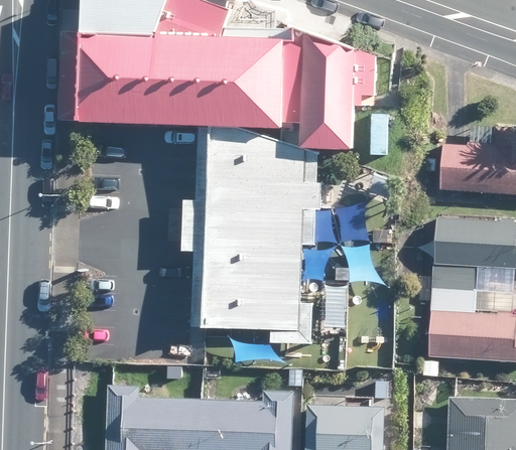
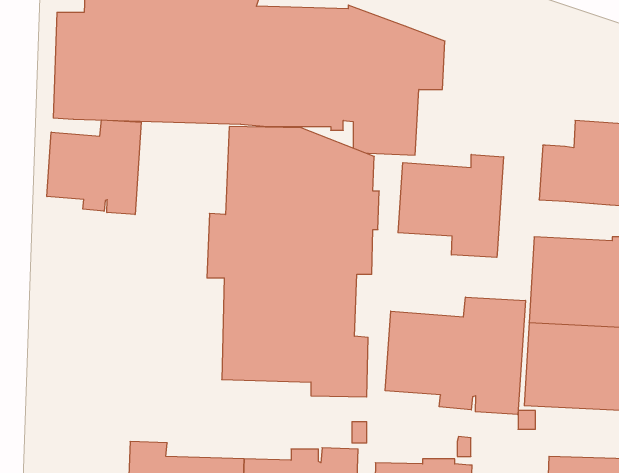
building: none -> [47,120,141,215]
building: none -> [398,154,504,257]
building: none -> [385,297,525,415]

